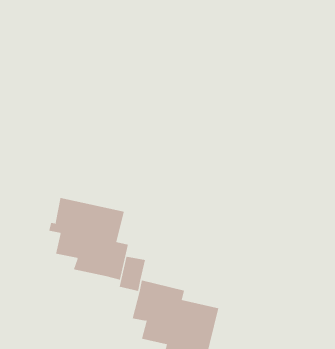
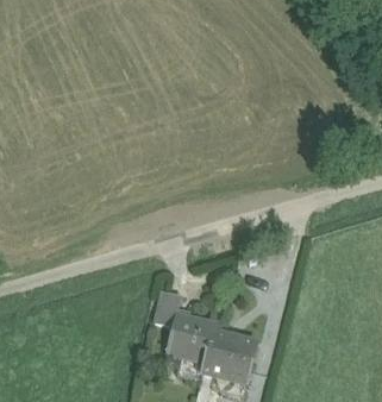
building: [49,197,128,280] -> none

